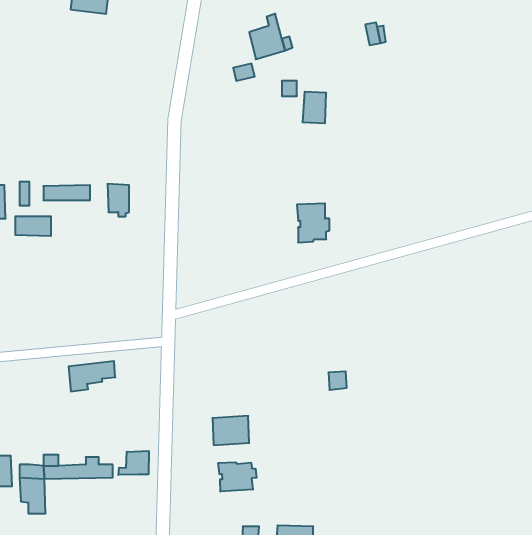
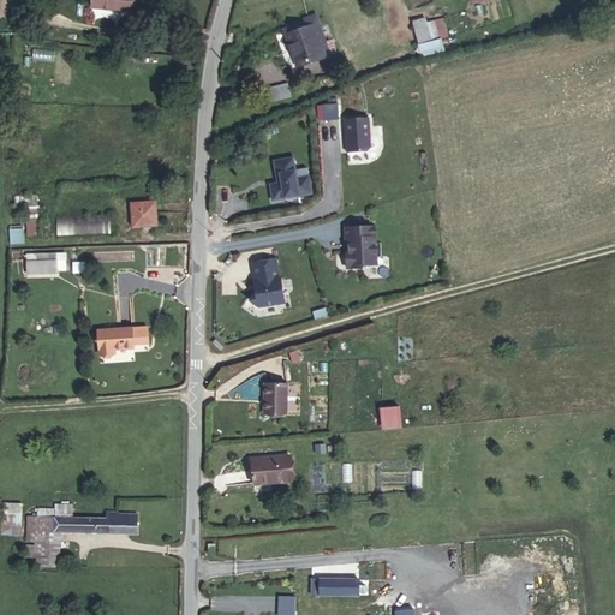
building: none -> [267,157,309,199]
building: none -> [246,258,281,306]
building: none -> [261,387,285,420]
building: [69,361,115,391] -> [95,322,147,356]
building: [118,451,149,475] -> none
building: [218,462,257,492] -> none

